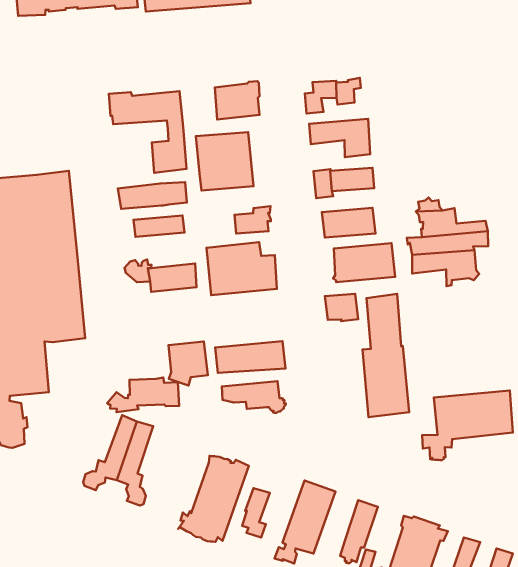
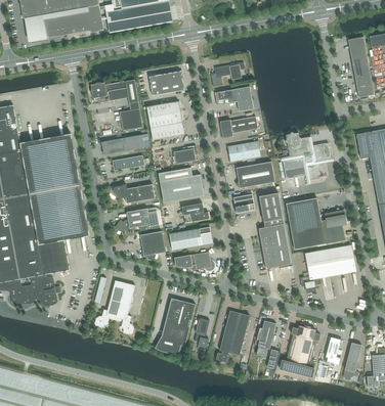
building: none -> [182,202,209,222]
building: none -> [286,197,347,249]
building: [107,378,179,412] -> [115,208,159,231]

